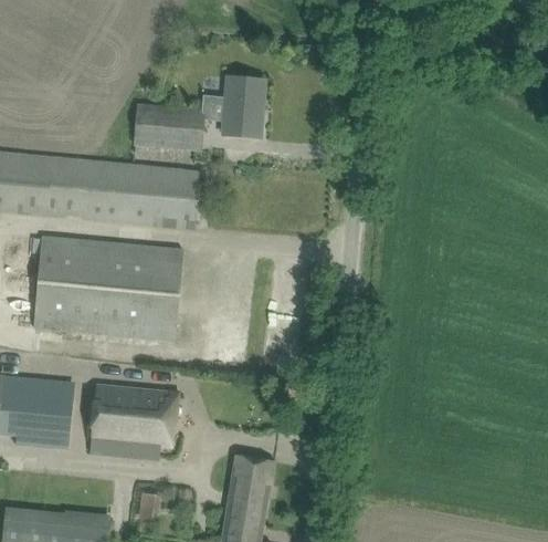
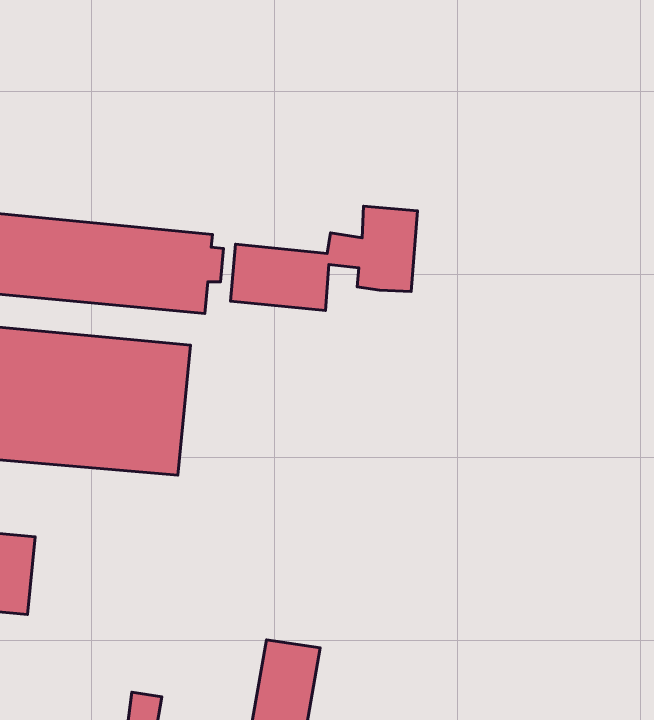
building: [134,76,264,149] -> [231,206,417,311]
building: [89,384,178,459] -> none

